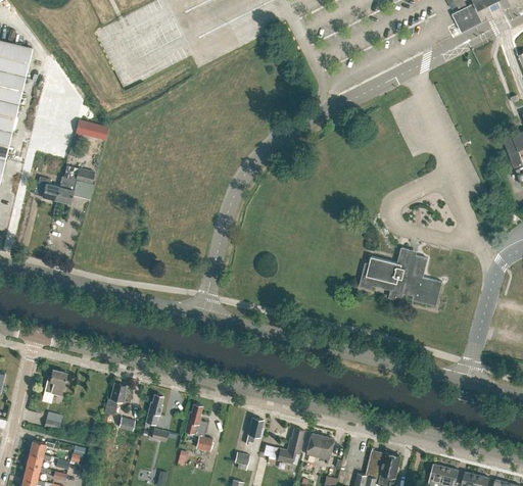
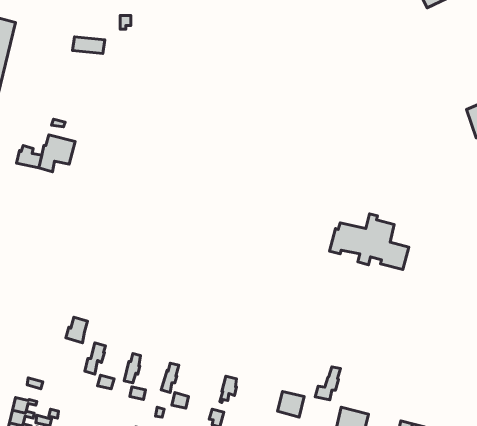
building: [79,122,112,139] -> [73,37,105,53]
building: [44,370,66,396] -> [66,317,87,343]
building: [277,429,303,464] -> [315,367,341,400]

